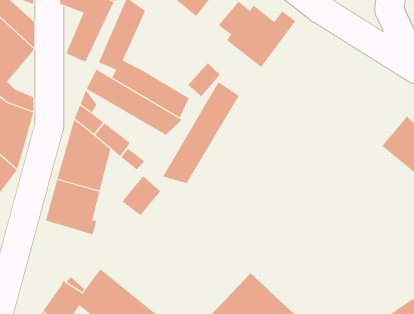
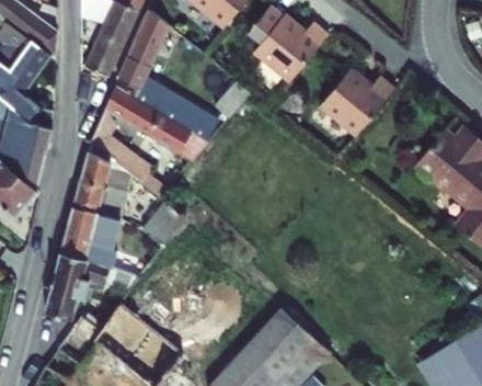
building: none -> [323,68,399,134]
building: [162,81,239,184] -> none
building: none -> [46,249,140,316]

